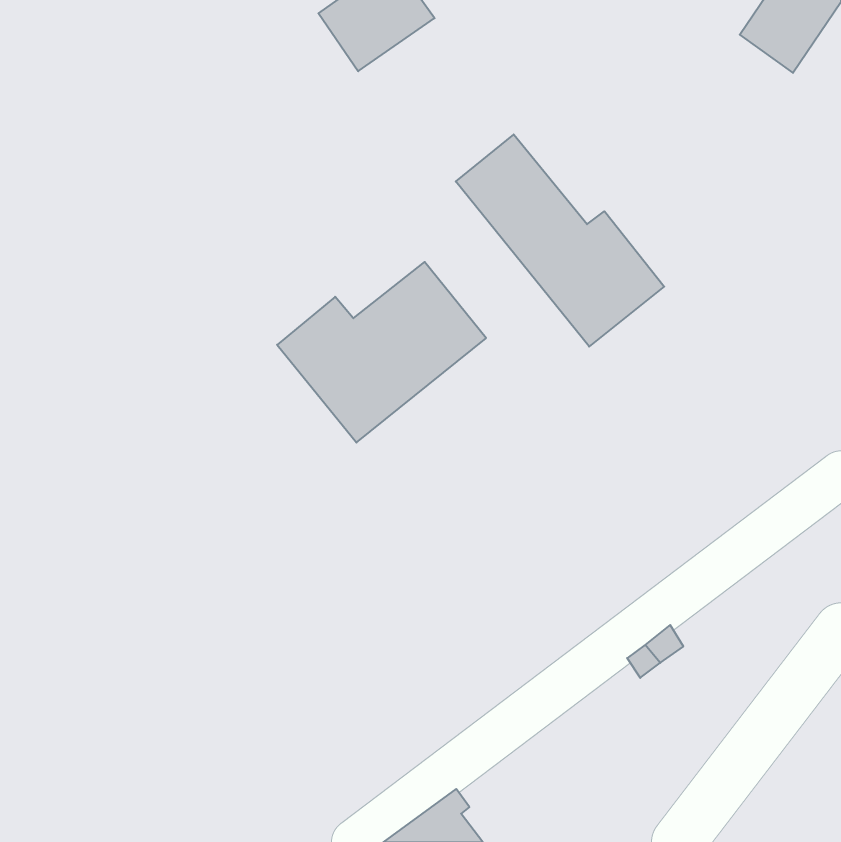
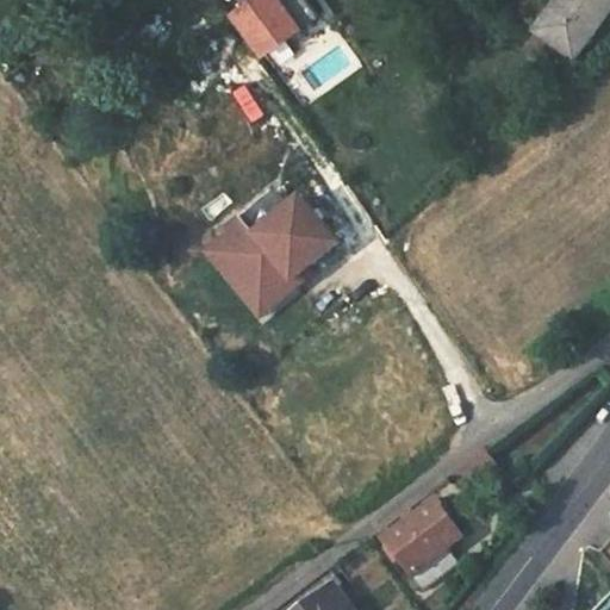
building: [456,134,664,347] -> none
building: none -> [379,497,456,589]

